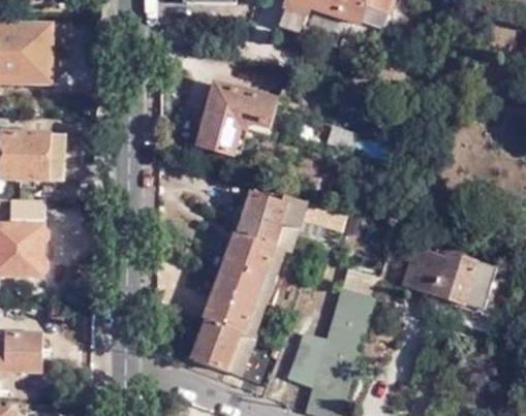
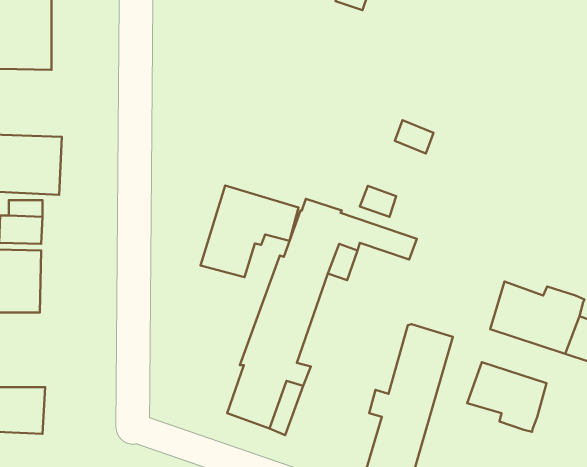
building: [197,82,276,155] -> [201,185,299,277]
building: none -> [467,362,547,432]

